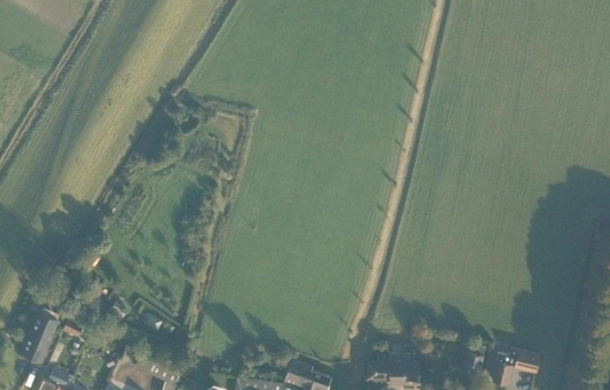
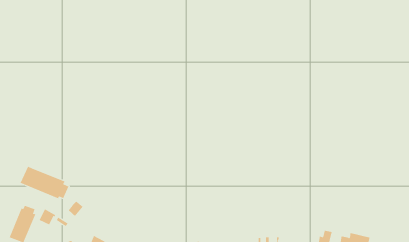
building: none -> [20,166,69,199]

